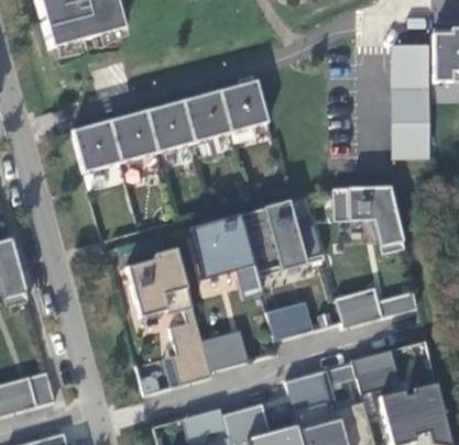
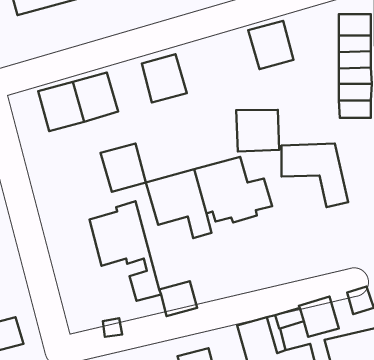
building: [220,80,269,132] -> [248,21,293,69]
building: [146,100,195,152] -> [101,144,146,192]
building: none -> [236,110,279,151]
building: [336,287,419,327] -> none
building: [267,302,307,341] -> none
building: [172,347,212,385] -> none

